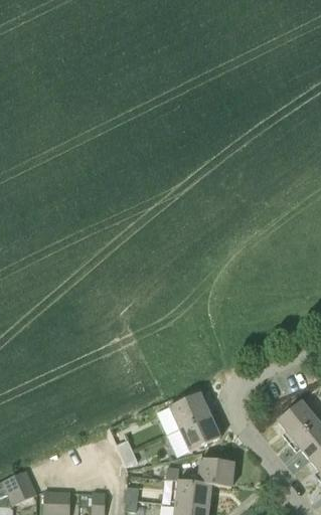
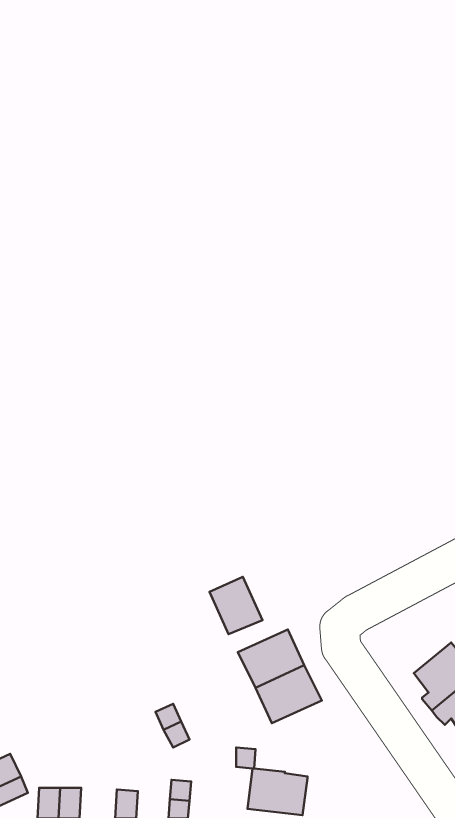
building: none -> [210,577,263,634]
building: [197,458,234,487] -> none

